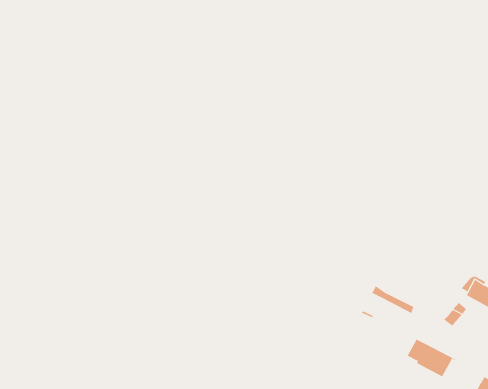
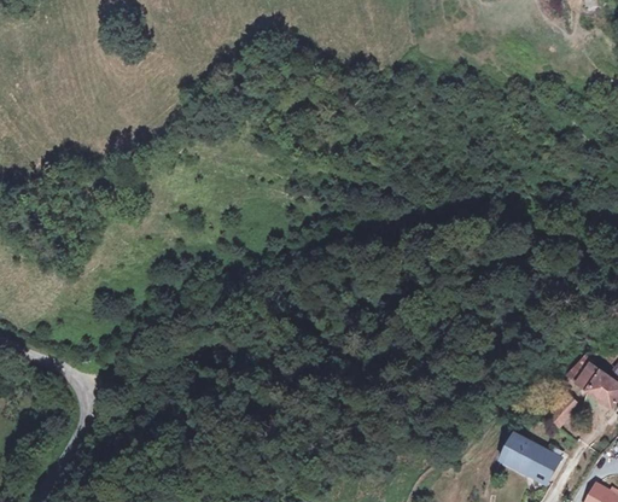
building: [361,285,414,318] -> [501,428,564,467]

